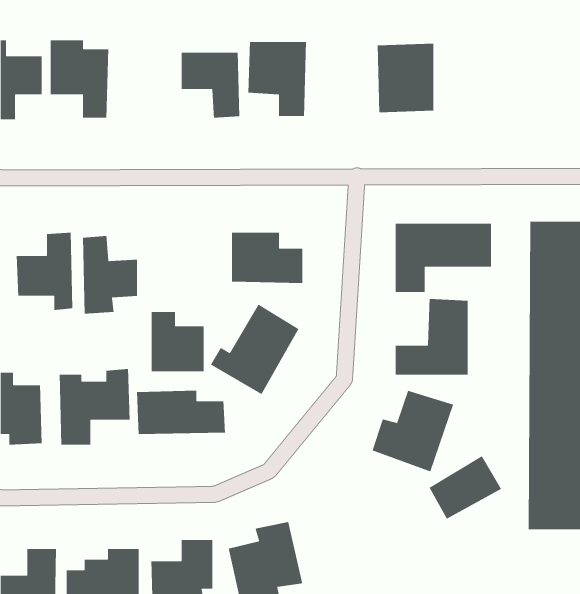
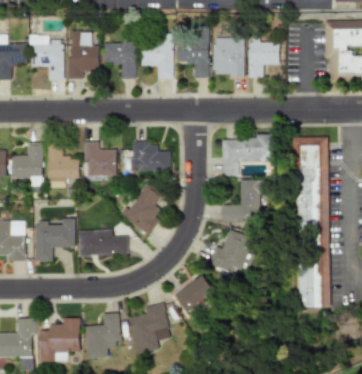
building: none -> [174,26,207,78]
building: none -> [65,31,97,79]
building: none -> [246,38,278,77]
building: [151,311,205,372] -> [83,141,113,175]
building: [428,455,502,520] -> [173,275,214,311]

